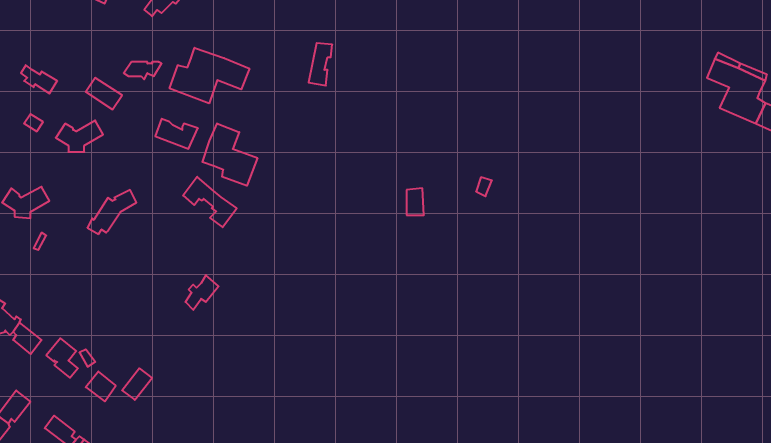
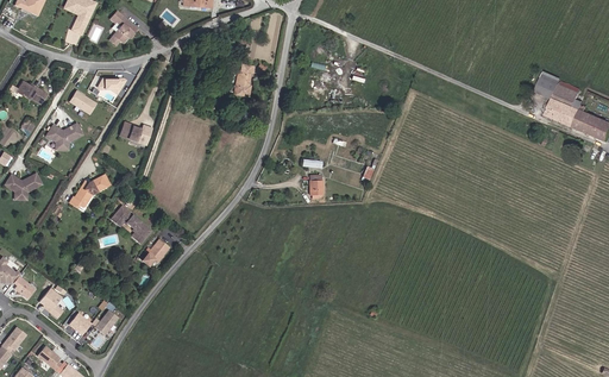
building: [170,48,249,103] -> none
building: [202,123,257,186] -> none
building: [183,177,237,227] -> [111,206,151,244]

